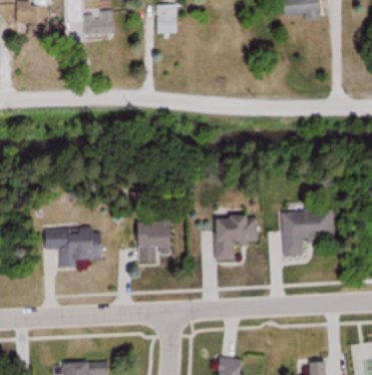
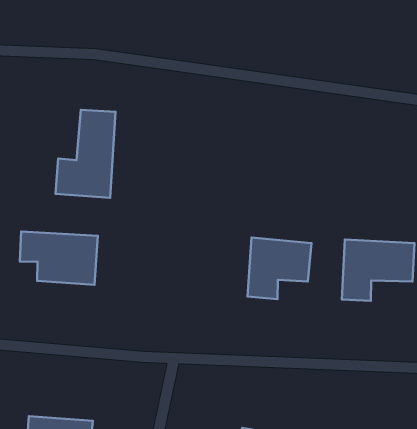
building: none -> [56,110,116,198]
building: [134,222,172,263] -> none

